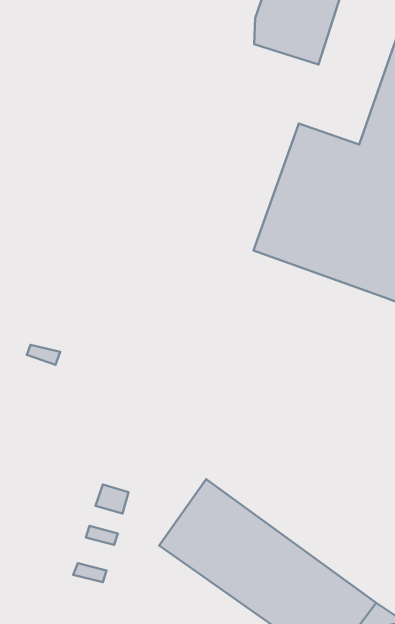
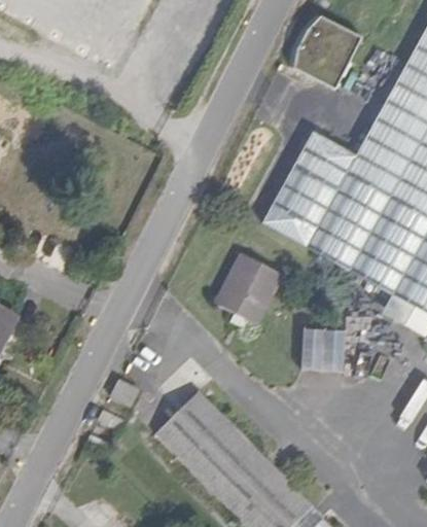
building: none -> [216,253,281,325]
building: none -> [300,328,345,372]

